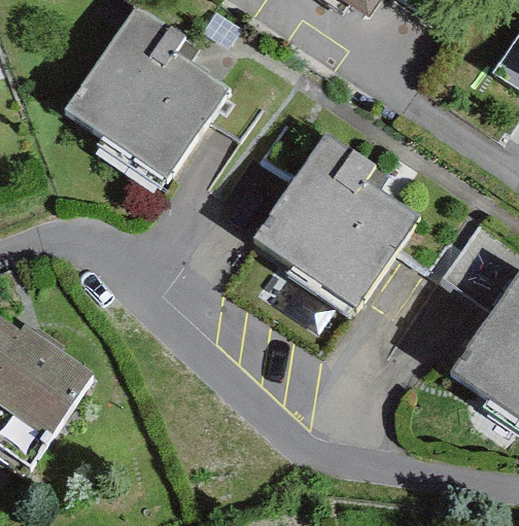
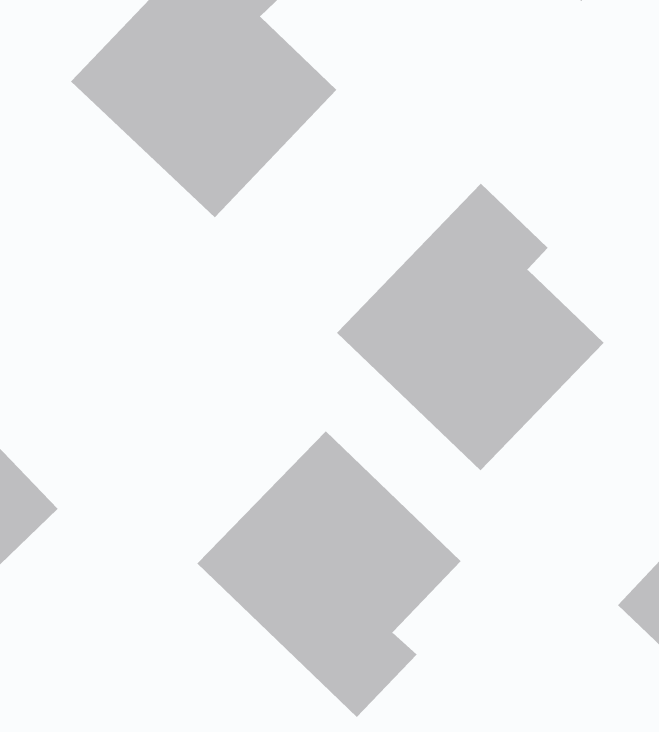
building: none -> [197,430,461,718]

